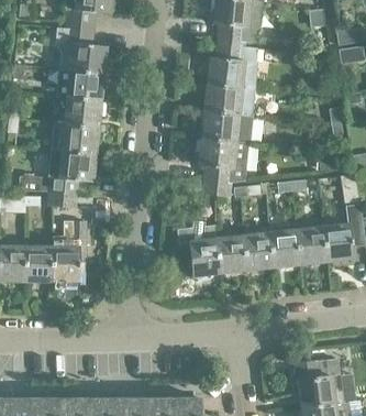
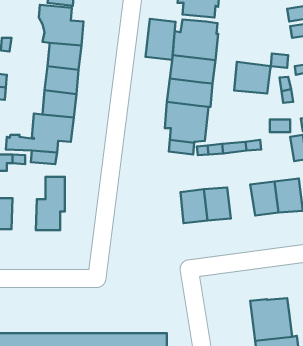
building: none -> [146,19,175,60]
building: none -> [234,62,271,93]
building: [178,221,220,277] -> none
building: [269,230,301,269] -> none
building: [25,245,54,282] -> none

